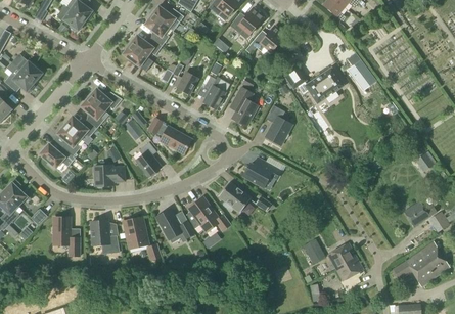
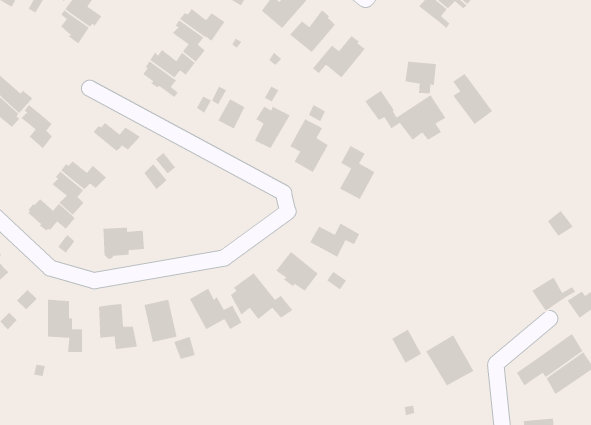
building: none -> [405,61,437,94]
building: [81,96,104,129] -> [20,104,53,149]
building: [148,118,191,153] -> none
building: [136,142,162,177] -> none

